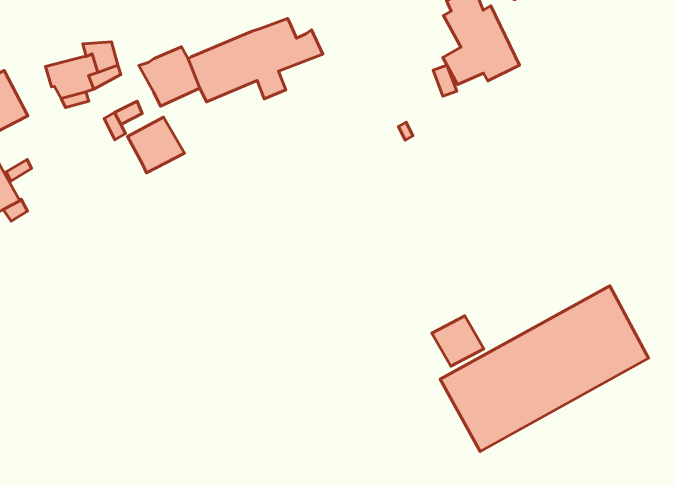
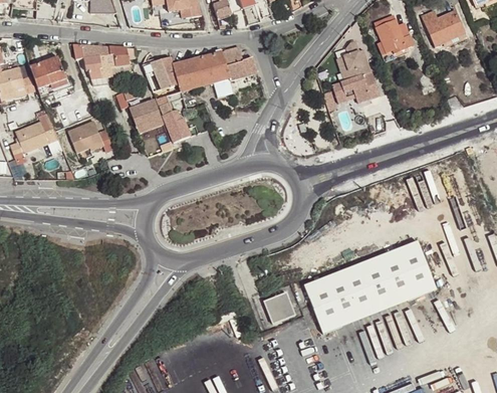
building: none -> [72,43,107,58]
building: none -> [155,95,189,143]
building: none -> [67,121,112,153]
building: [432,316,484,366] -> [263,292,294,323]

